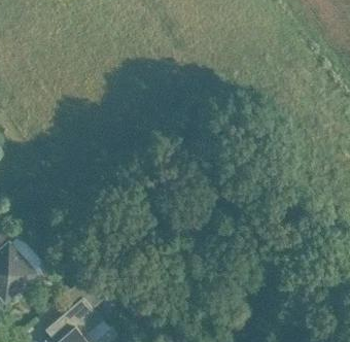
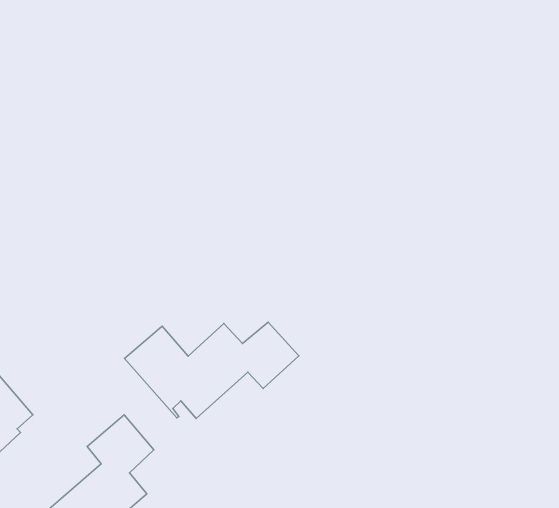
building: none -> [125,322,299,419]

